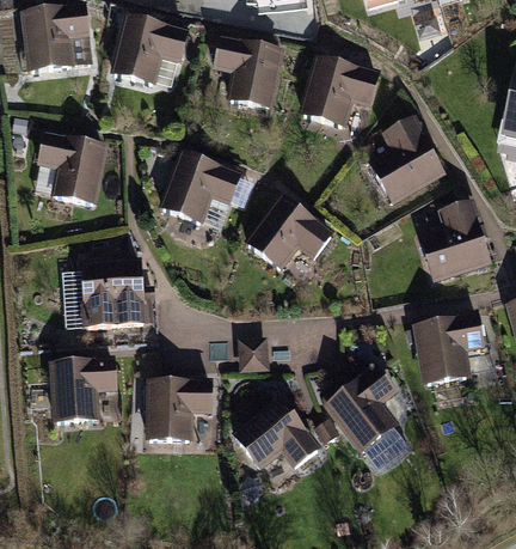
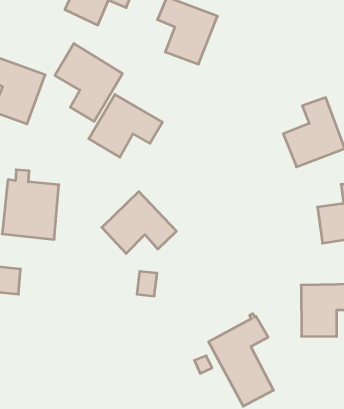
building: [303,57,376,123] -> none
building: none -> [55,43,122,121]
building: [248,196,330,266] -> [102,192,176,254]
building: [149,380,210,438] -> none
building: [235,399,317,464] -> none

